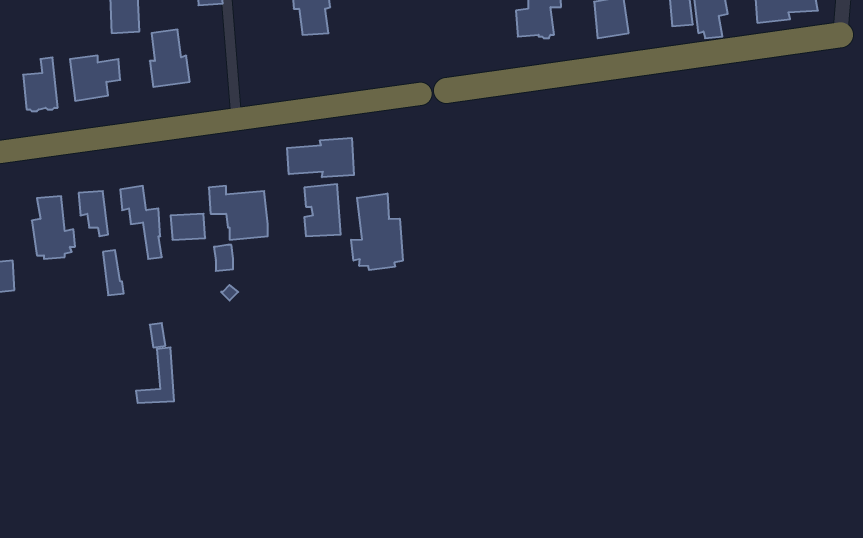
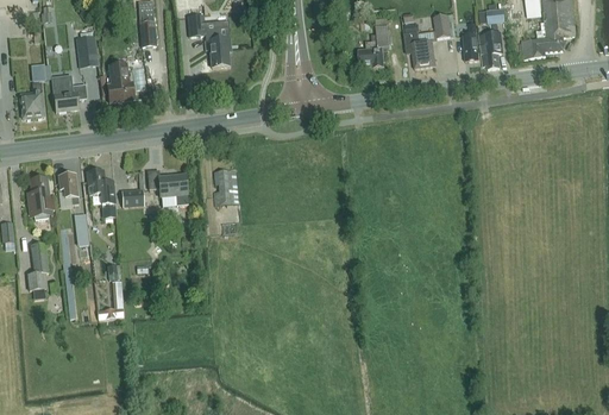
building: [287,138,354,177] -> none
building: [351,193,403,270] -> none
building: none -> [27,241,49,289]

